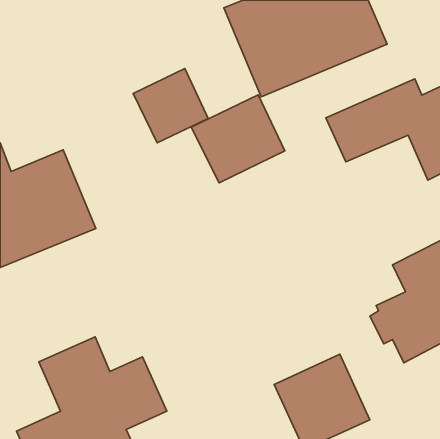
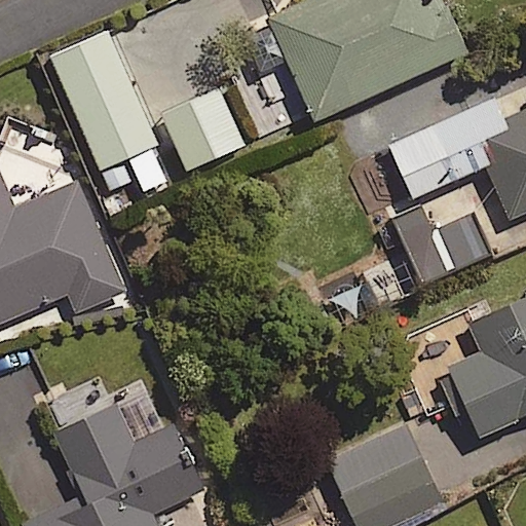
building: none -> [52,32,173,192]
building: [191,95,285,183] -> none
building: none -> [392,204,492,286]

